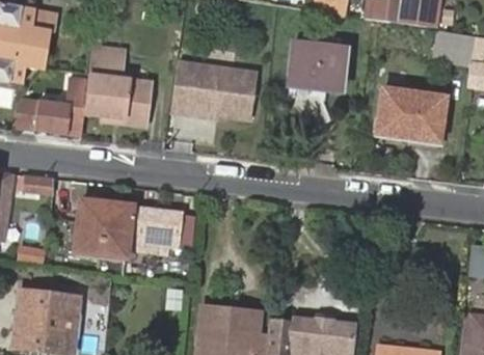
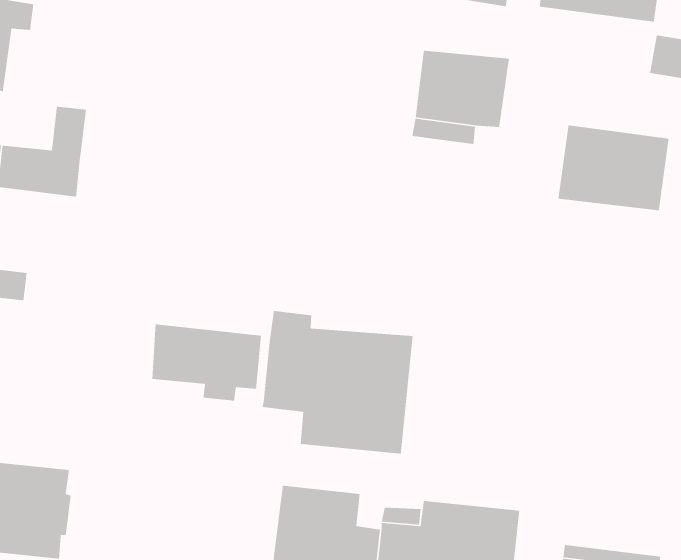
building: [84,45,151,122] -> none
building: [168,64,254,118] -> none
building: none -> [262,310,413,454]
building: [76,203,130,257] -> none

